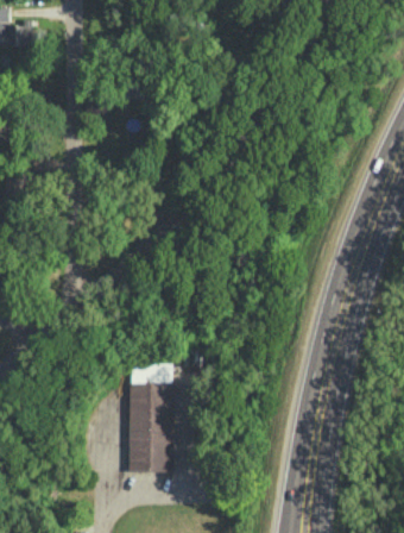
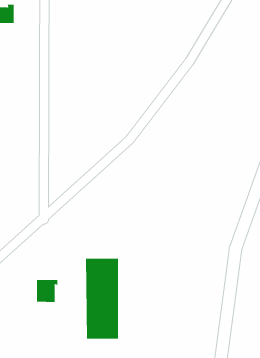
building: none -> [37,279,58,303]

